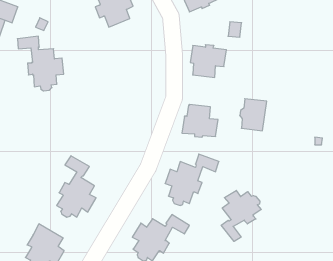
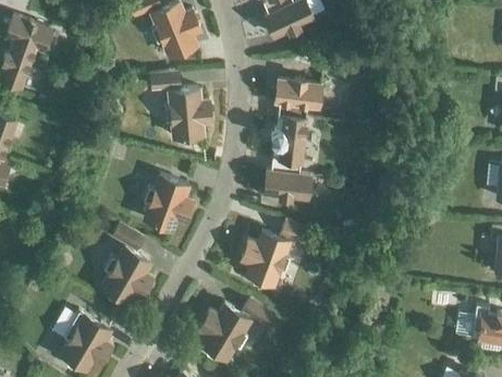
building: [17,36,64,91] -> [151,73,211,144]
building: [240,99,267,131] -> [271,119,306,160]
building: none -> [144,177,192,230]
building: [221,190,261,241] -> none

